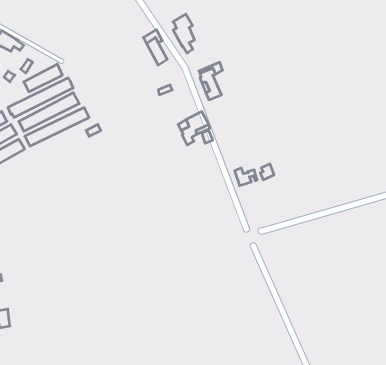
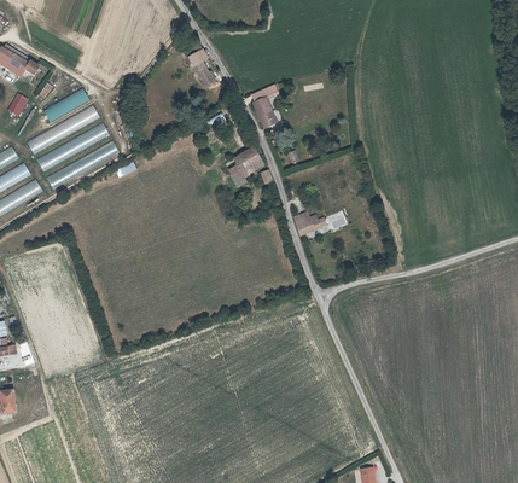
building: [173,14,194,53] -> none

